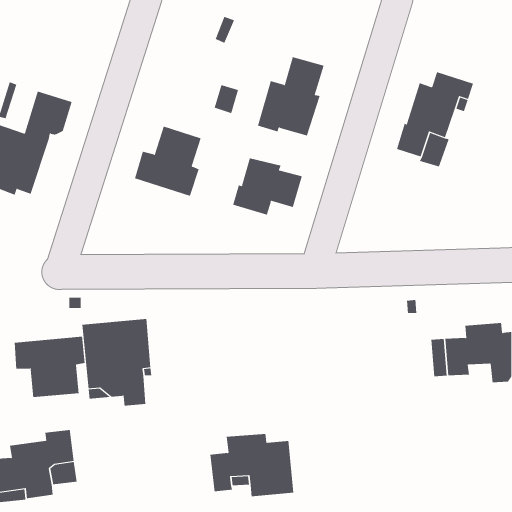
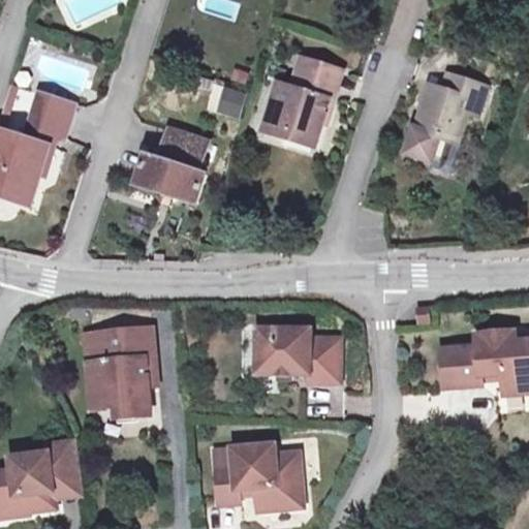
building: [232,157,302,215] -> none
building: none -> [257,328,339,381]
building: [14,336,85,398] -> none

